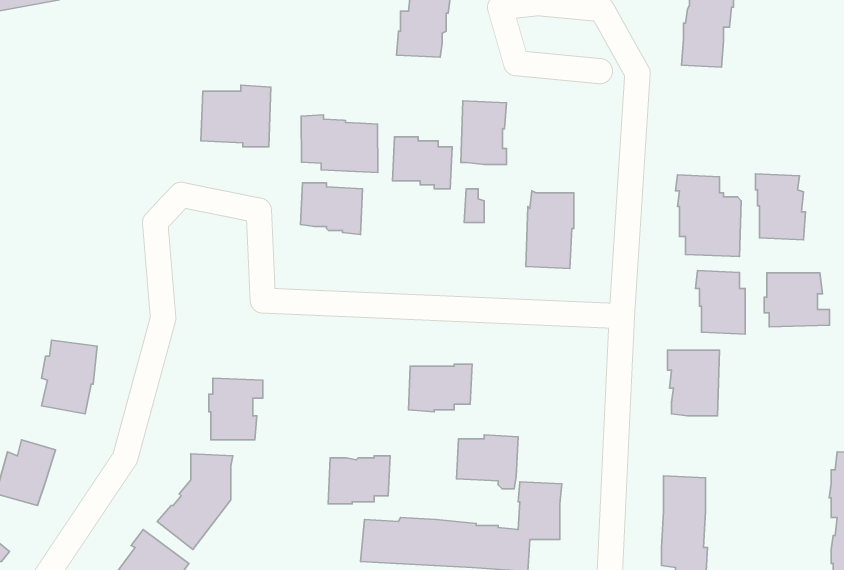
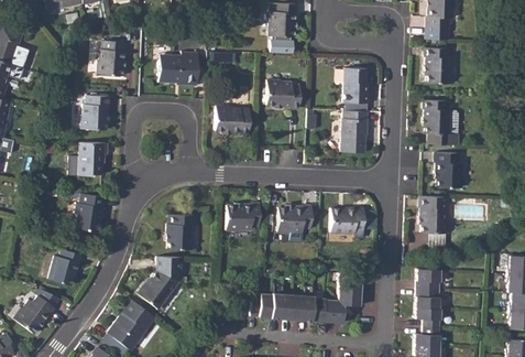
building: none -> [98,41,127,76]
building: [461,101,507,165] -> [343,69,369,105]
building: [301,115,378,172] -> none
building: none -> [81,97,110,131]
building: [756,174,805,240] -> [426,51,453,87]
building: none -> [78,143,108,177]
building: [764,273,830,327] -> none
building: [456,435,518,489] -> [330,208,364,238]
building: [328,456,390,504] -> [226,205,260,231]

